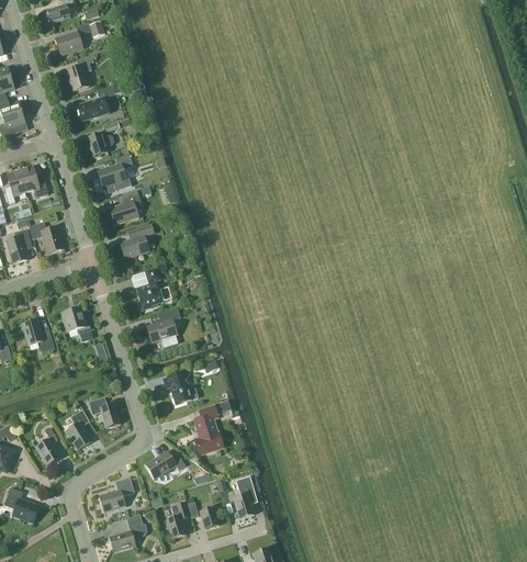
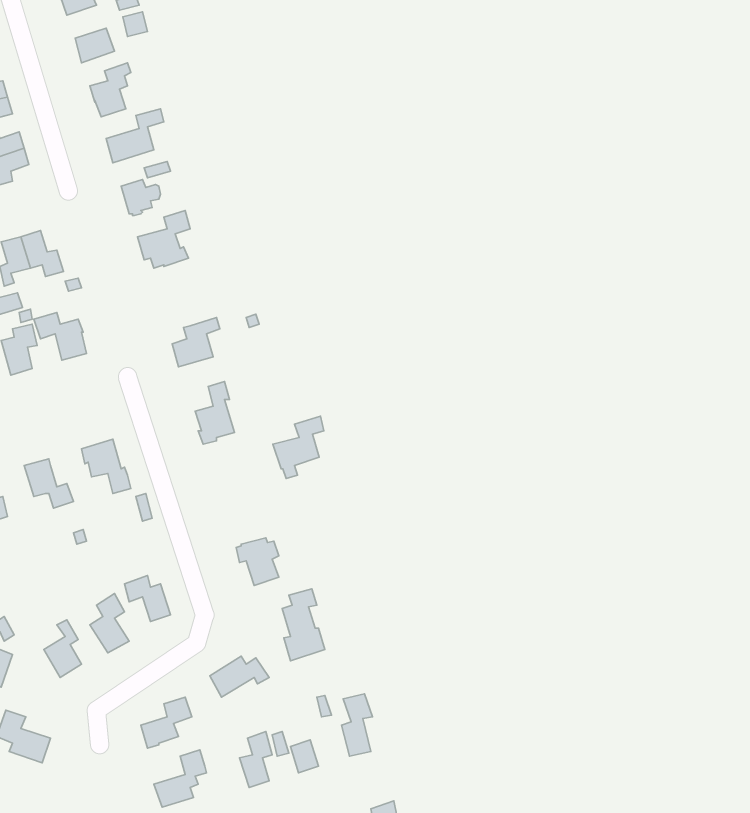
building: [110,190,141,225] -> none
building: [146,307,180,349] -> [273,416,324,479]

